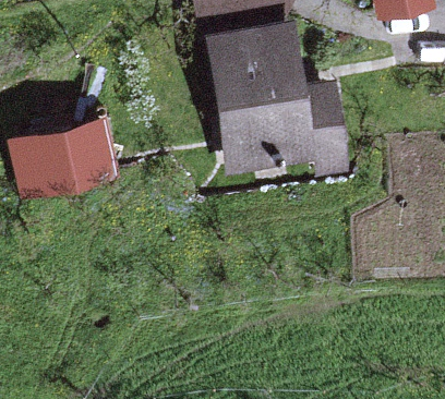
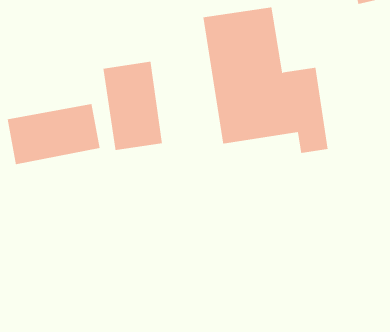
building: none -> [103,61,162,151]

